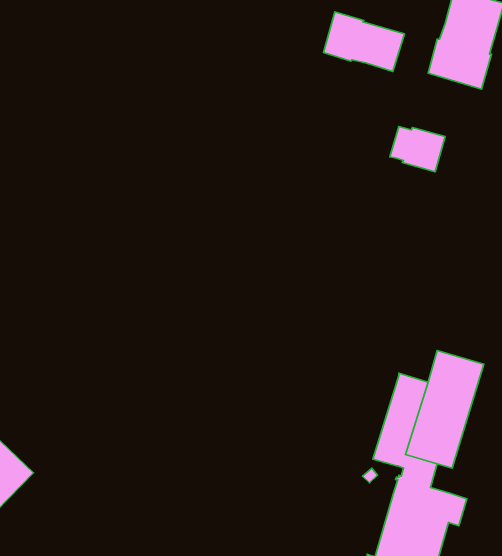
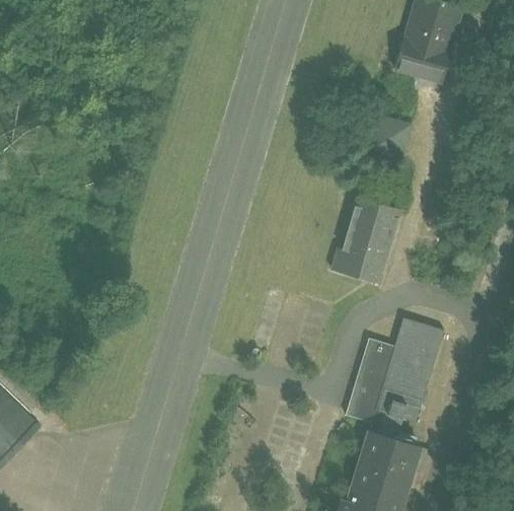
building: [323,12,404,71] -> none
building: none -> [332,198,400,284]

